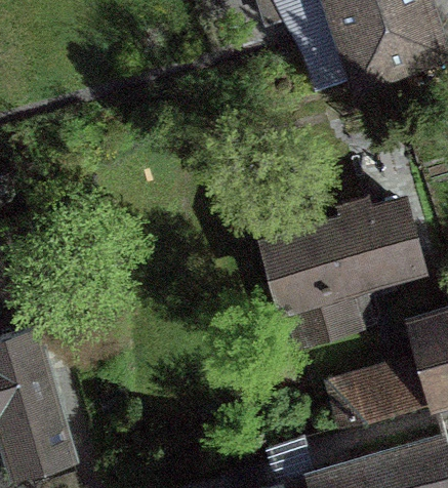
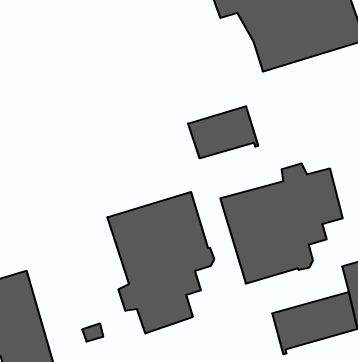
building: none -> [188,106,258,158]
building: none -> [107,192,214,334]

